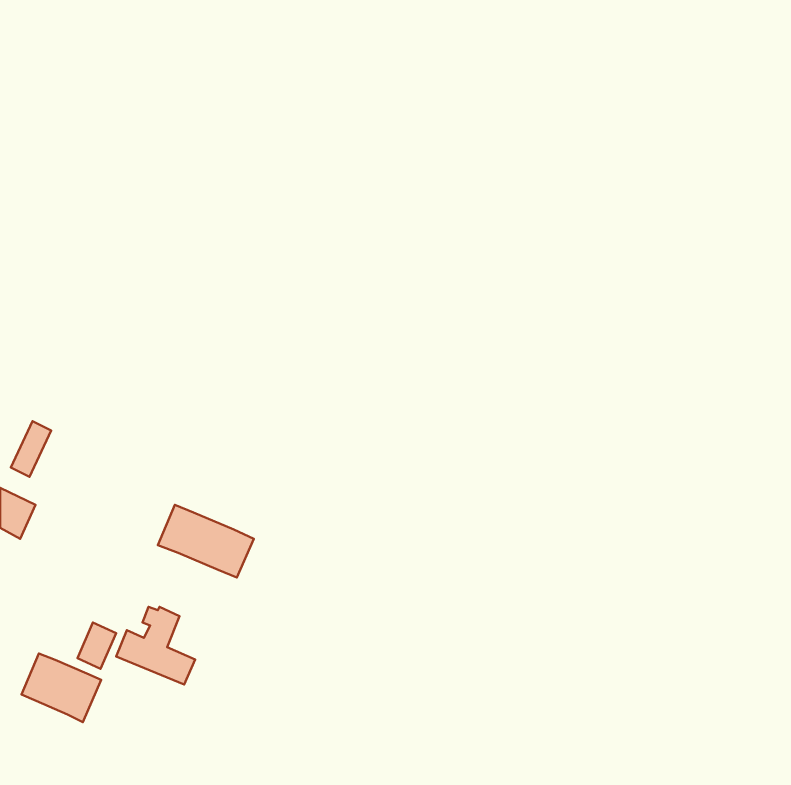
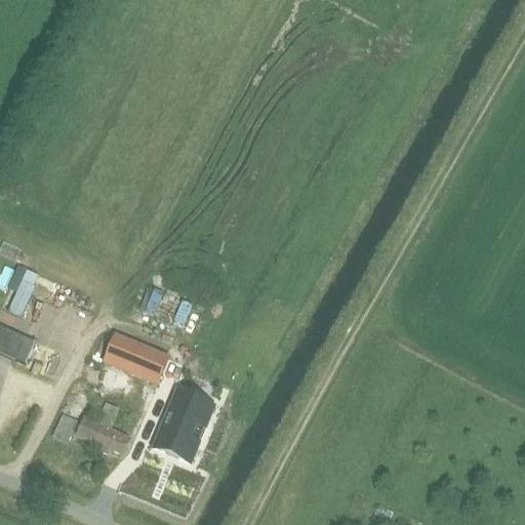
building: none -> [153,390,214,462]
building: [22,653,101,722] -> none

